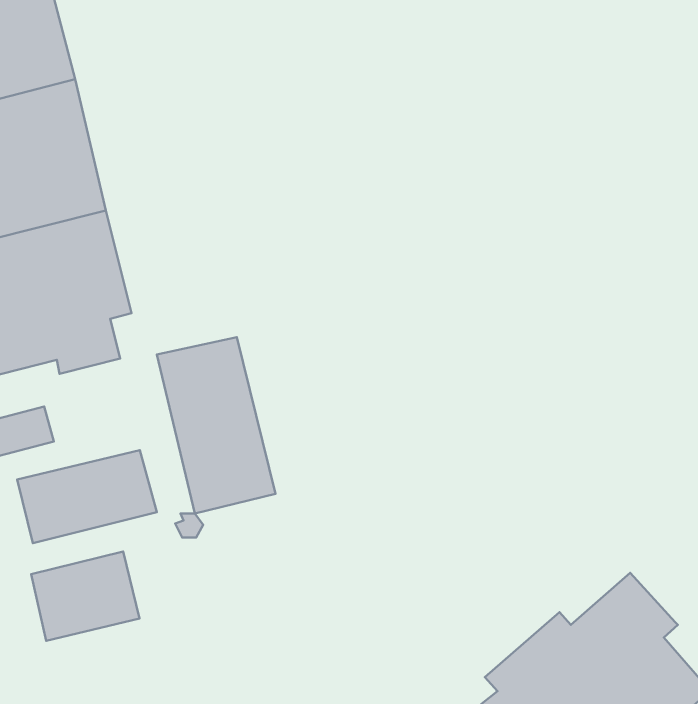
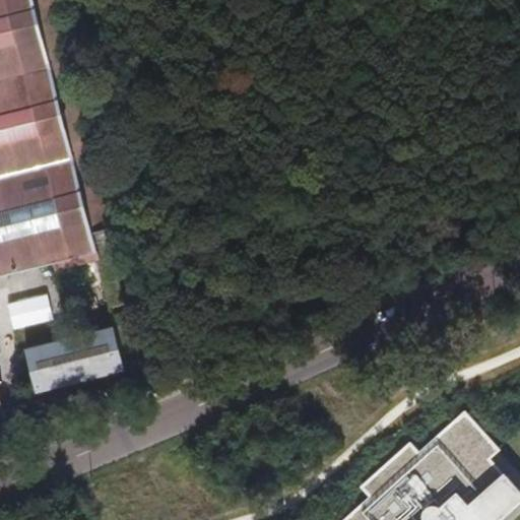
building: [157,337,276,513] -> none
building: [31,551,140,641] -> none

